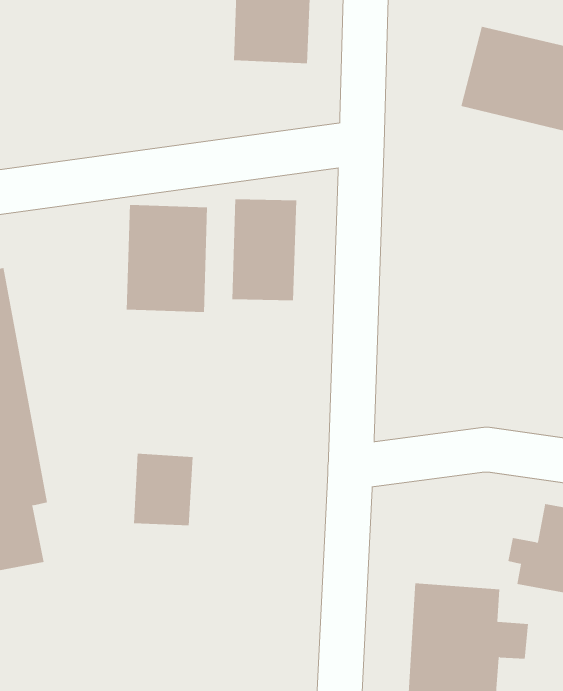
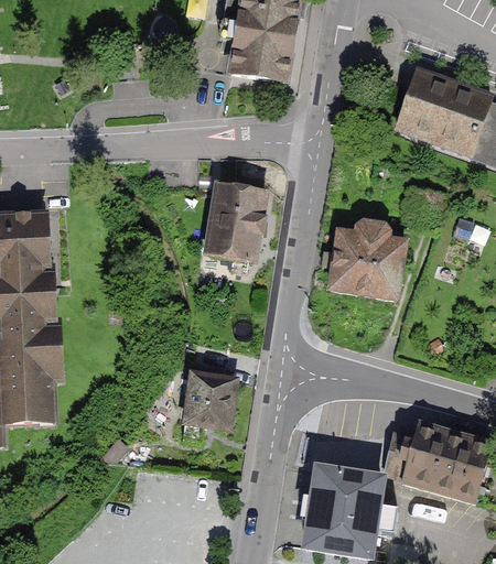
building: [126,204,208,313] -> none
building: none -> [327,223,405,296]
building: [133,453,193,526] -> [186,367,236,424]

